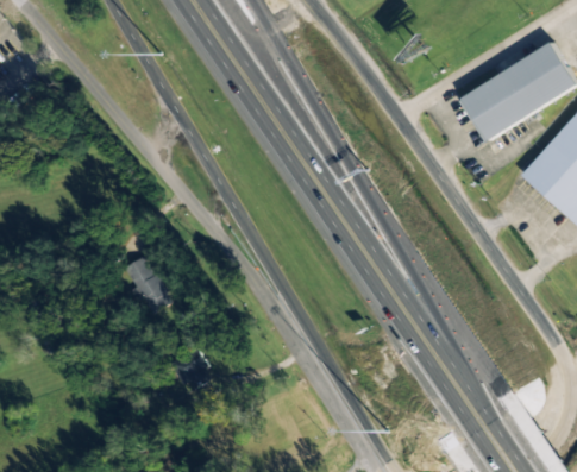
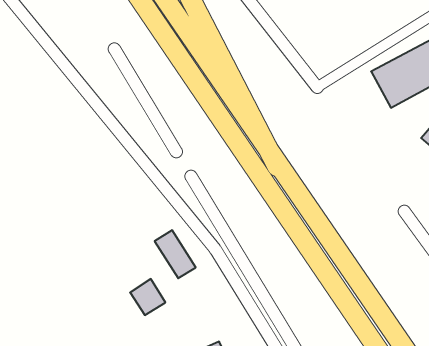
building: [120,257,170,315] -> [155,230,196,278]

